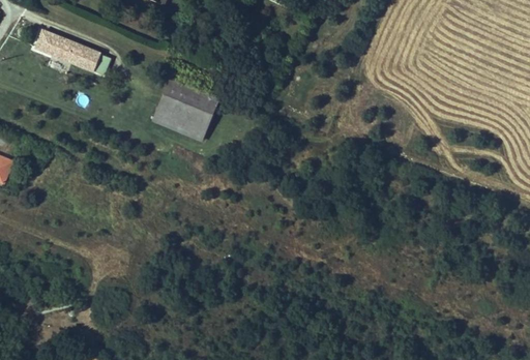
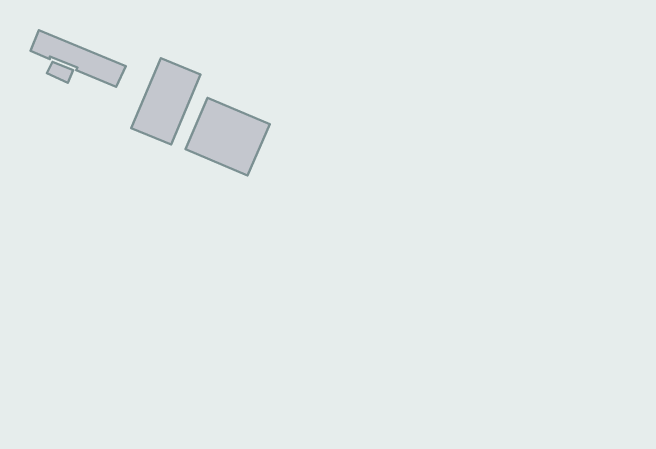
building: none -> [131,58,201,144]

